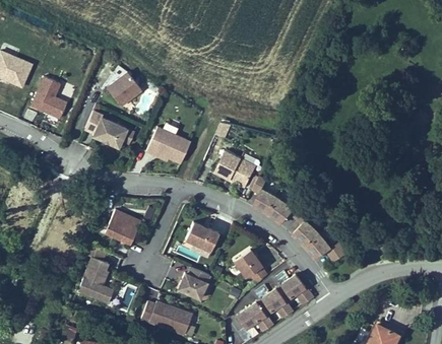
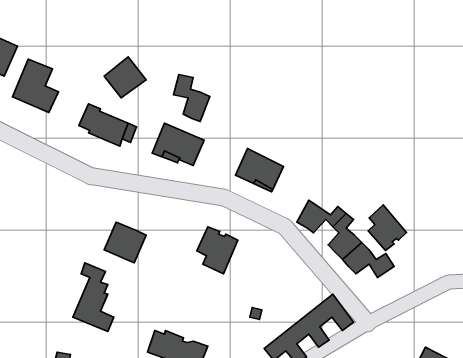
building: none -> [174,74,210,121]
building: [253,176,278,212] -> none
building: none -> [368,205,407,251]
building: [235,251,268,284] -> none
building: [179,268,212,300] -> none

